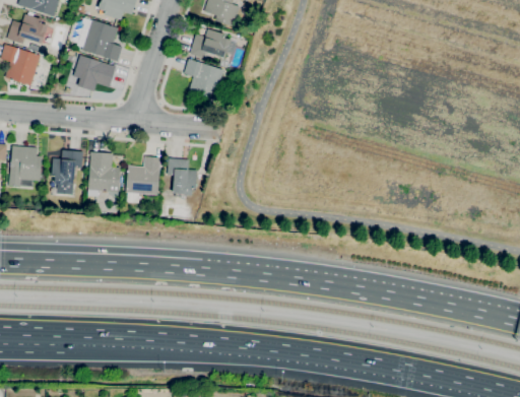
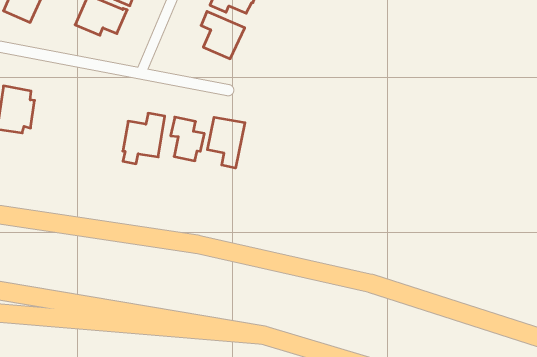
building: [52,149,83,194] -> none
building: [88,151,121,196] -> none
building: none -> [207,117,245,168]

